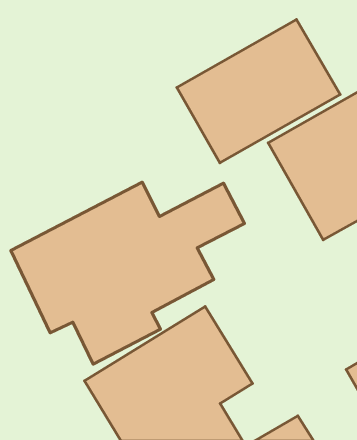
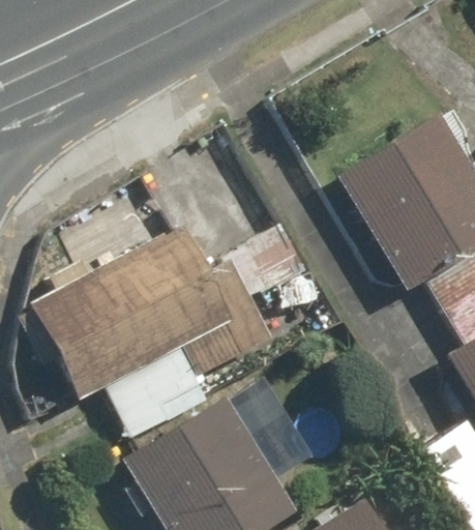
building: [177,20,340,163] -> none

